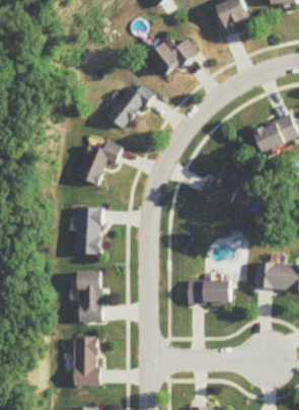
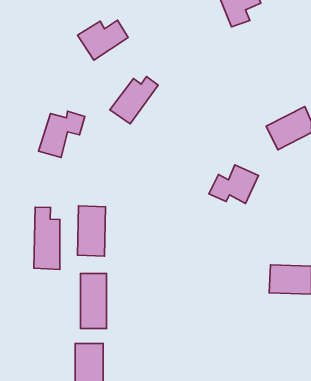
building: [149,39,197,76] -> [78,20,128,60]
building: [77,141,121,185] -> [38,111,85,158]
building: none -> [34,207,60,270]
building: [188,280,231,304] -> none

